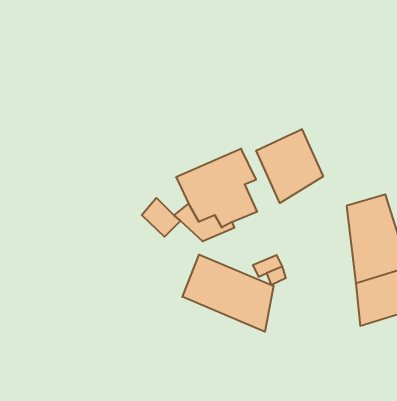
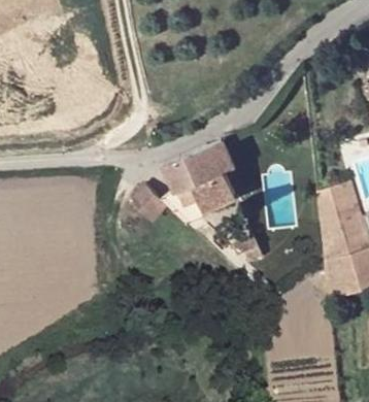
building: [256,129,323,203] -> none
building: [182,255,274,332] -> none

